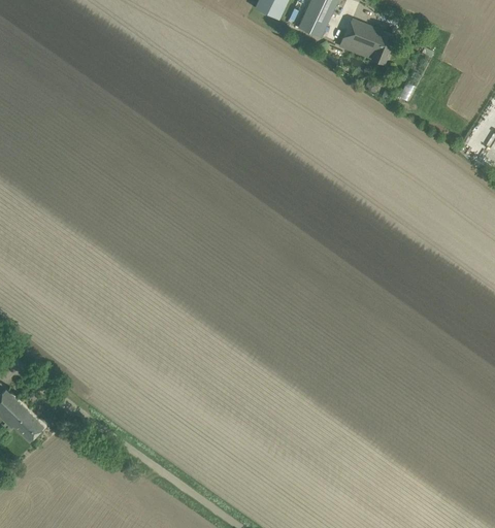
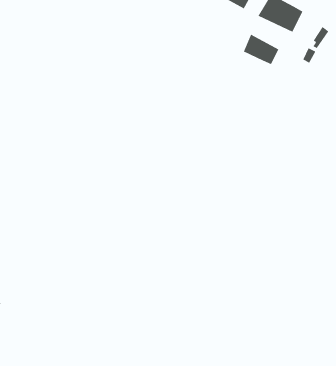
building: none -> [243,34,279,65]

